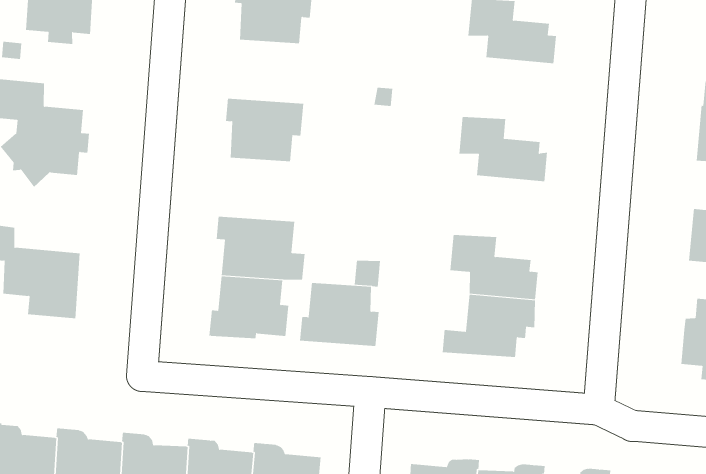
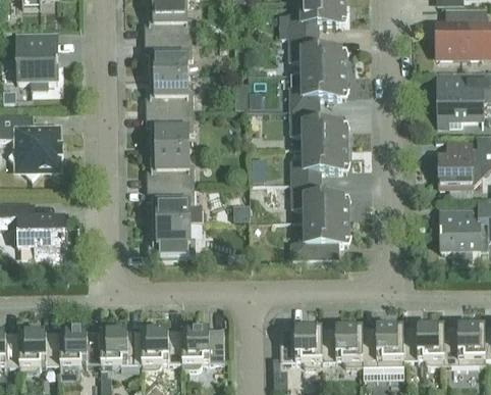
building: none -> [145,75,194,112]
building: none -> [290,72,345,110]
building: none -> [292,146,347,184]
building: [299,283,379,346] -> [147,148,195,186]

